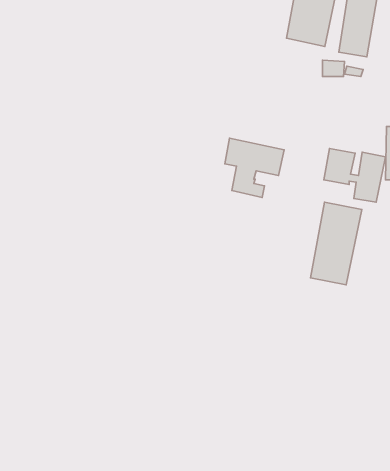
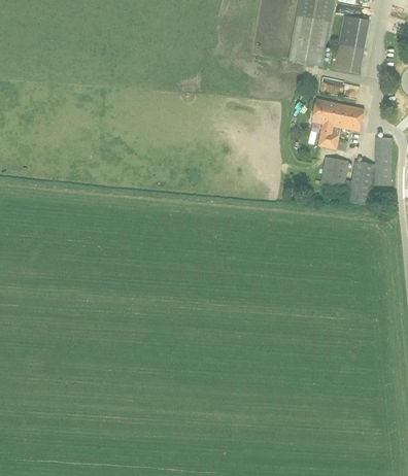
building: [225,138,284,198] -> [312,97,365,149]
building: [310,202,362,285] -> none

